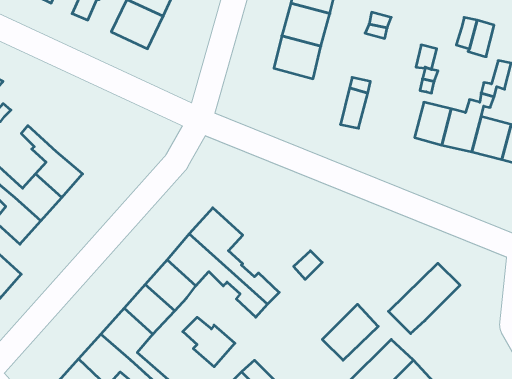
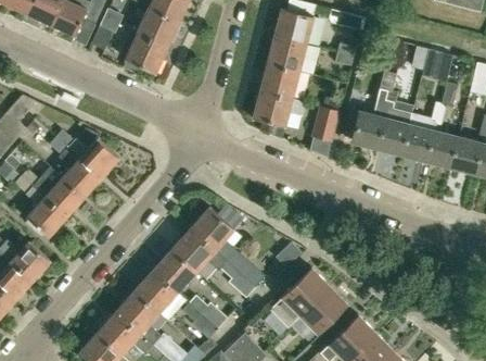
building: none -> [253,90,305,127]
building: none -> [346,110,385,148]
building: none -> [55,132,118,178]
building: [388,263,460,334] -> [270,269,330,327]

